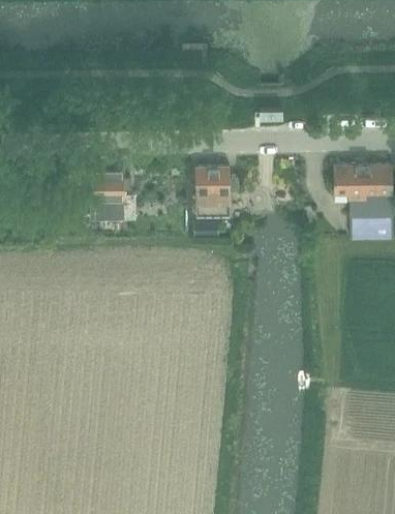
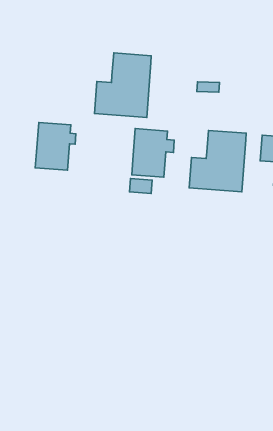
building: none -> [94,53,151,118]
building: none -> [189,130,246,192]

